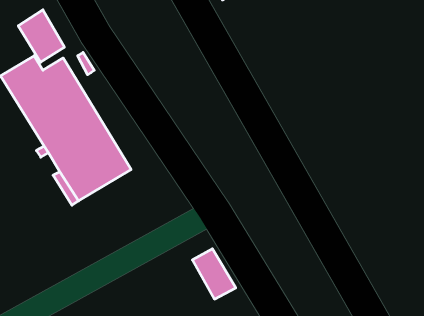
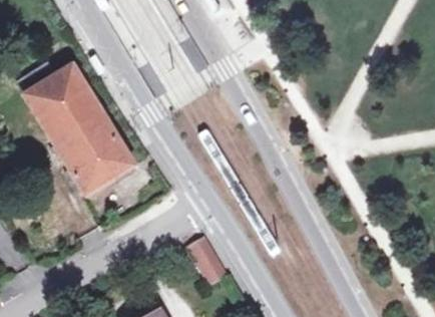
building: [18,10,64,62] -> none

